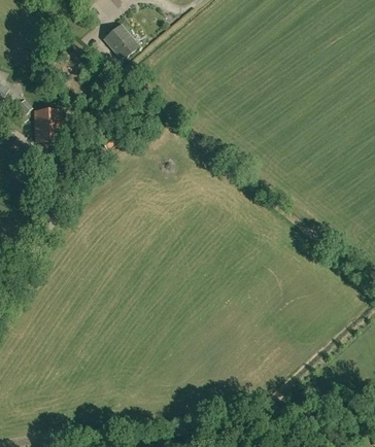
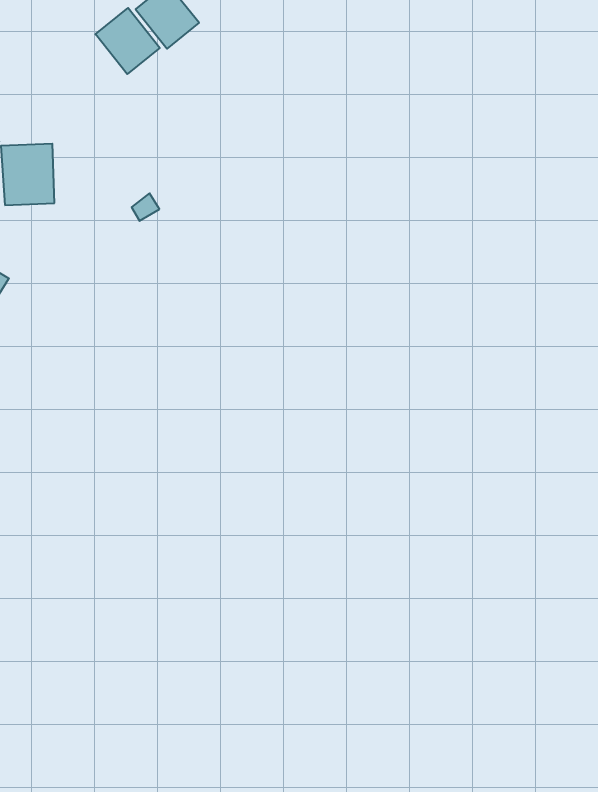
building: none -> [95,8,160,74]

